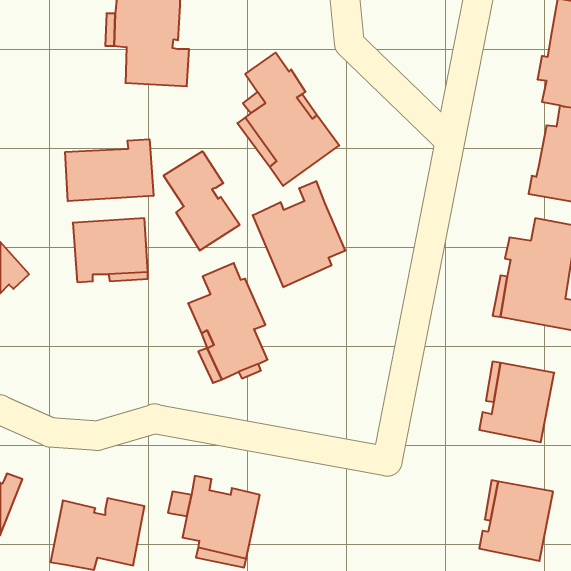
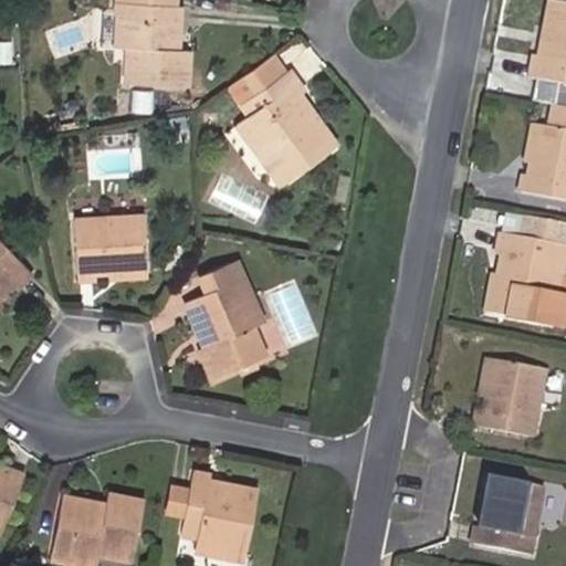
building: [65,139,153,201] -> none
building: [164,151,240,251] -> none
building: [253,181,345,287] -> none

